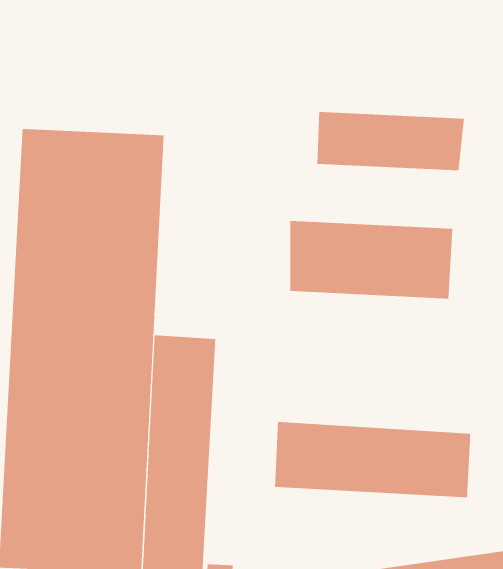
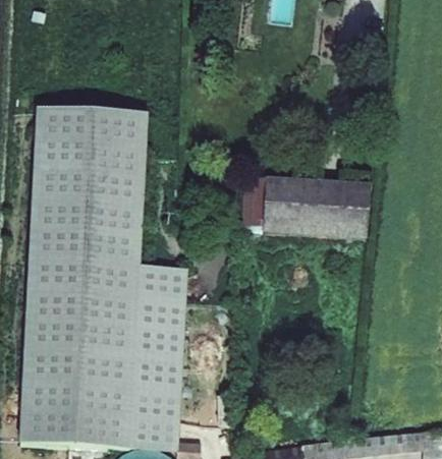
building: [317,111,465,171] -> none
building: [274,421,471,498] -> none

